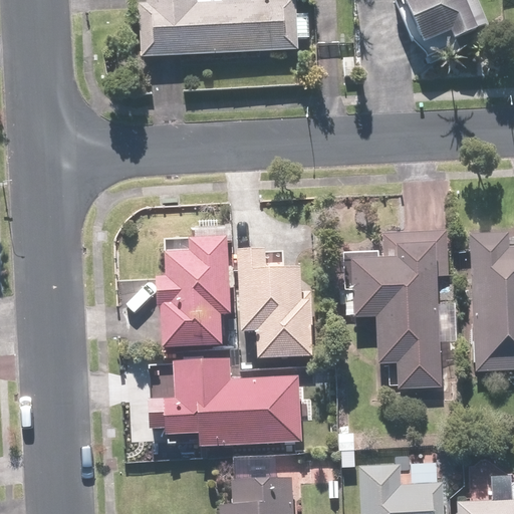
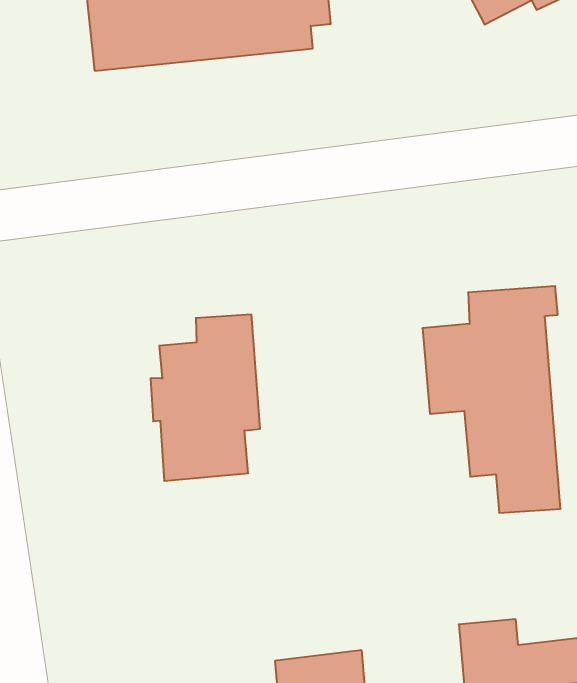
building: [240,250,311,356] -> none
building: [166,357,299,445] -> none

